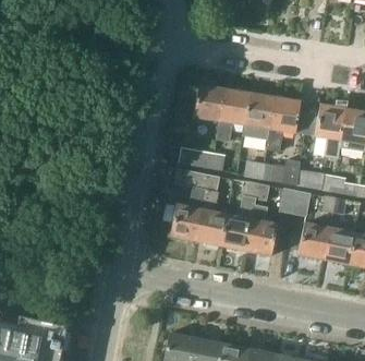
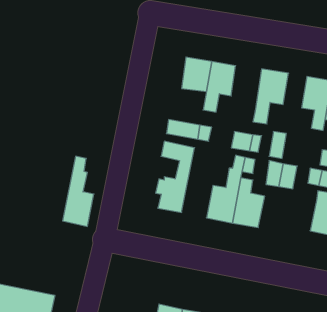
building: [242,92,275,137] -> none
building: [295,168,336,192] -> none
building: [194,175,226,245] -> [63,156,94,226]
building: [297,222,330,258] -> none

